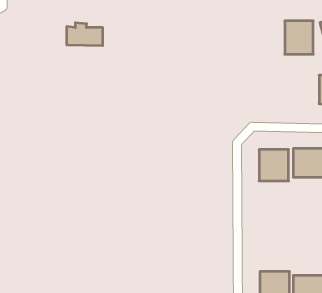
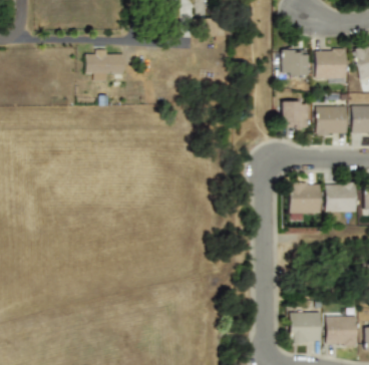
building: none -> [281,49,308,75]
building: none -> [281,101,308,129]
building: none -> [316,106,347,134]

